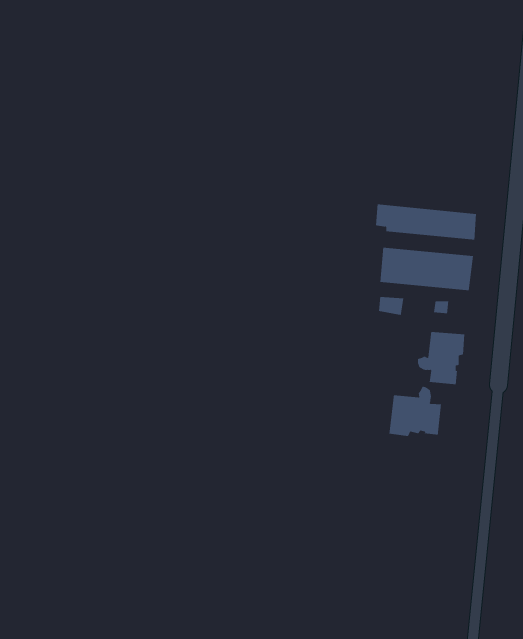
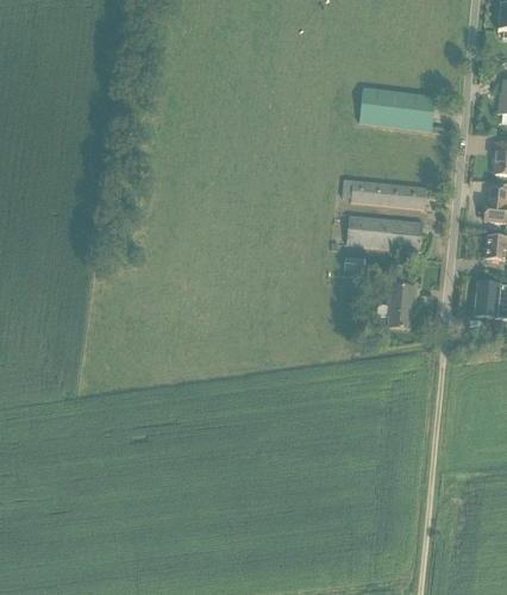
building: none -> [359,87,436,130]
building: [389,386,442,437] -> none

